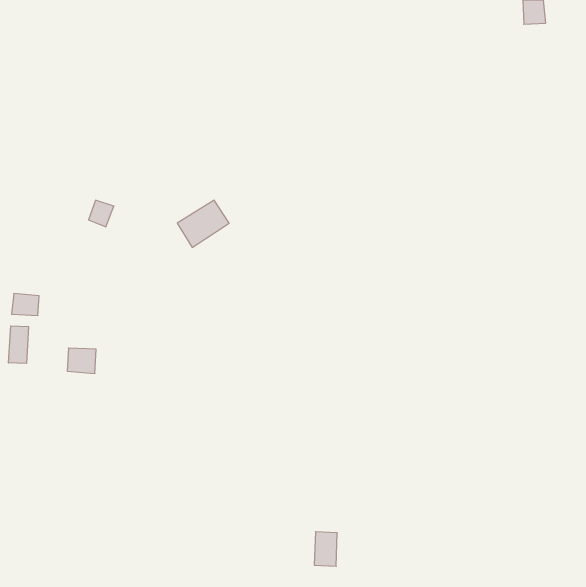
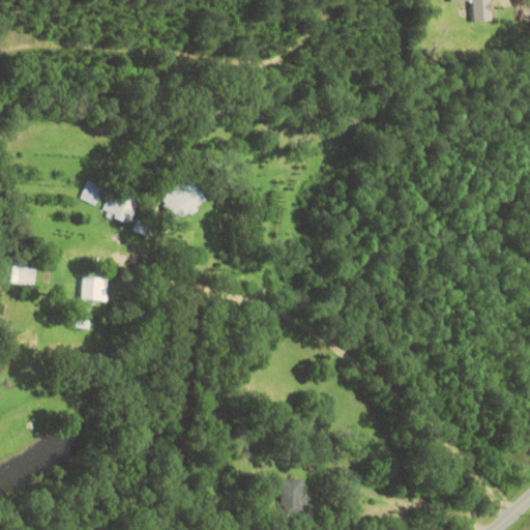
building: none -> [101,186,138,223]
building: [9,326,29,363] -> none
building: [67,348,96,373] -> [81,277,107,300]

